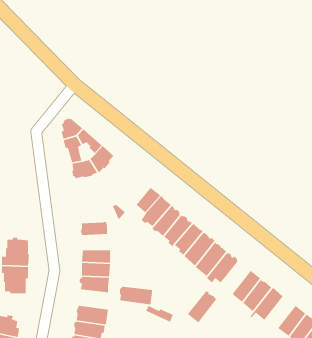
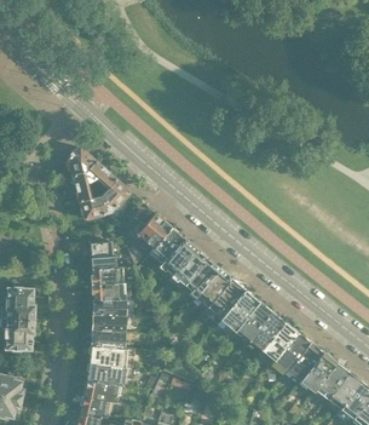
building: none -> [137,216,172,249]
building: none -> [90,242,117,270]
building: none -> [92,283,129,300]
building: [119,286,153,305] -> [90,346,128,368]
building: [187,290,218,323] -> [250,314,286,351]
building: none -> [301,354,336,392]

